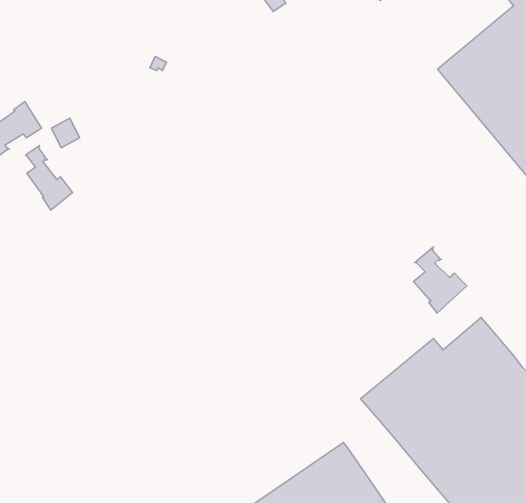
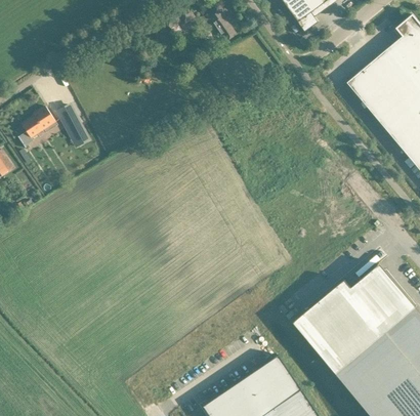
building: [25,146,73,210] -> none
building: [414,247,467,313] -> none

